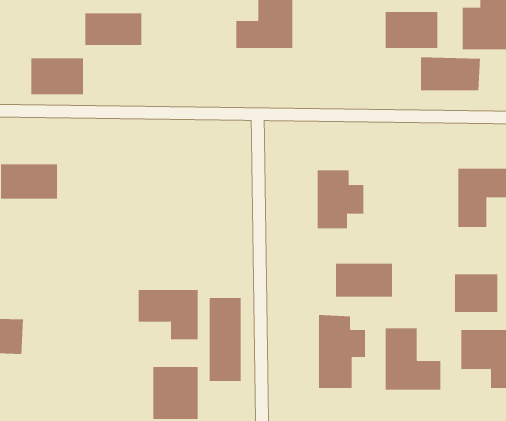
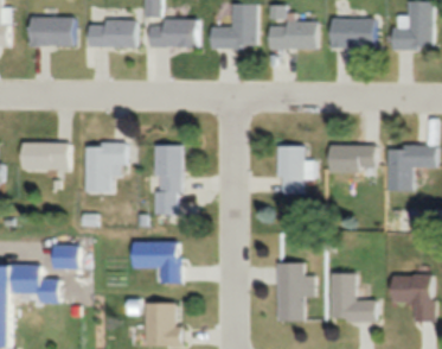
building: none -> [149,21,197,47]
building: [420,57,481,91] -> [269,23,318,50]
building: [31,58,84,95] -> [31,17,73,46]
building: none -> [85,144,126,193]
building: [335,263,393,297] -> [329,146,376,173]
building: [454,273,498,313] -> none
building: [209,297,242,382] -> [155,147,181,215]

